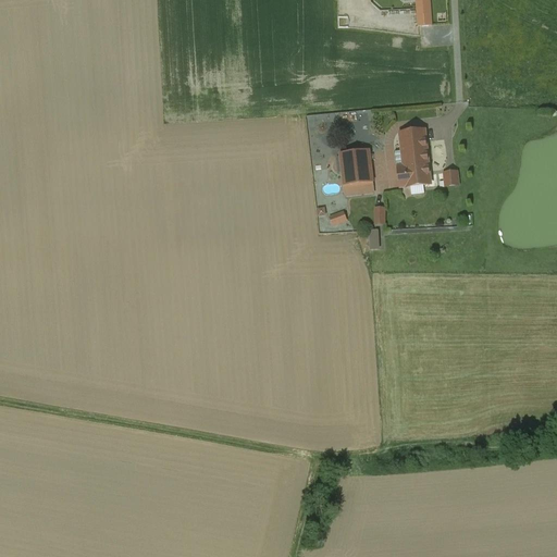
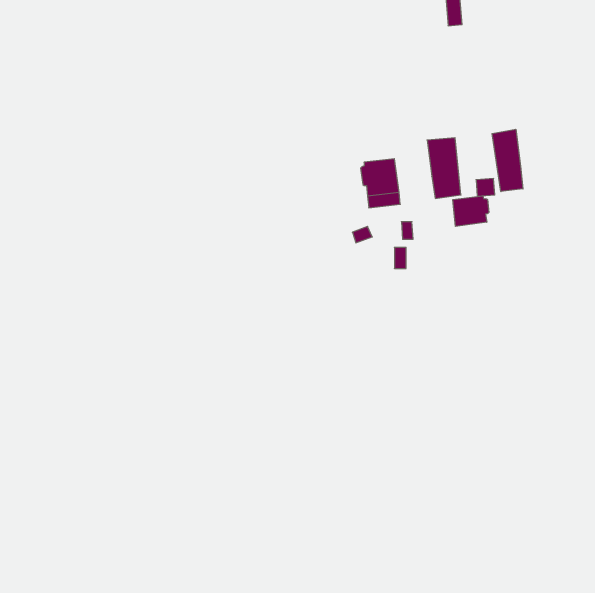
building: none -> [492,129,523,192]
building: none -> [453,196,489,226]

